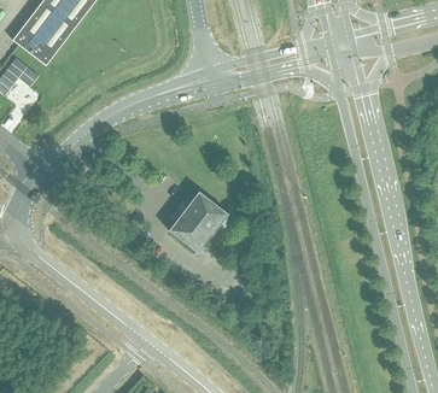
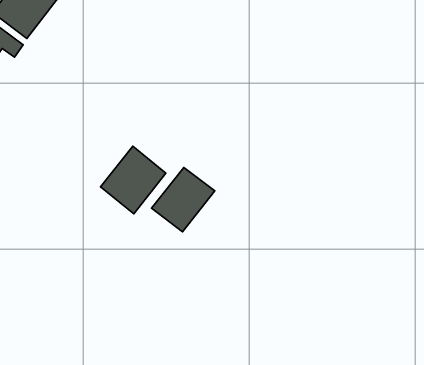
building: none -> [101,146,166,214]

